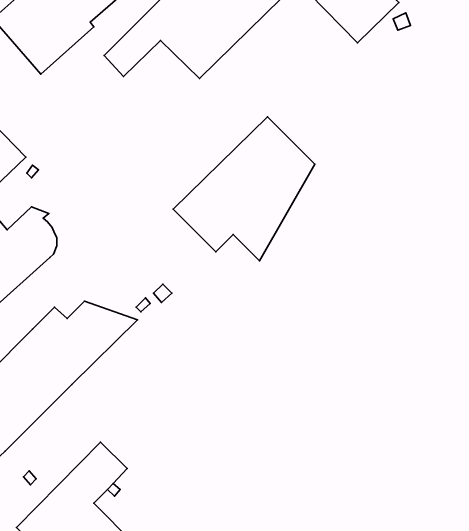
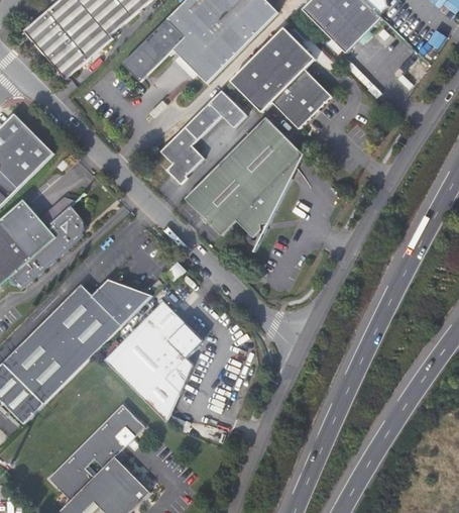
building: none -> [230,26,332,128]
building: none -> [157,89,253,190]
building: none -> [105,300,198,422]

